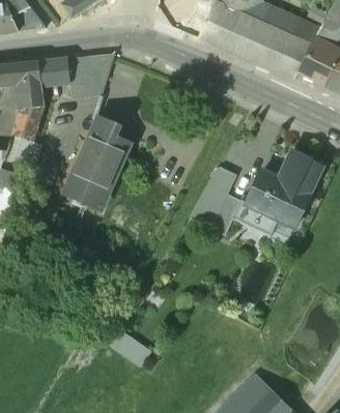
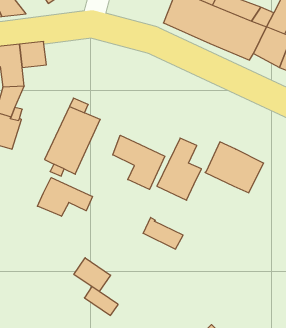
building: [65,53,115,95] -> none
building: [280,149,323,193] -> none
building: none -> [113,135,165,189]
building: [233,199,278,234] -> [143,217,183,249]
building: none -> [37,178,92,216]
building: none -> [74,258,111,292]

